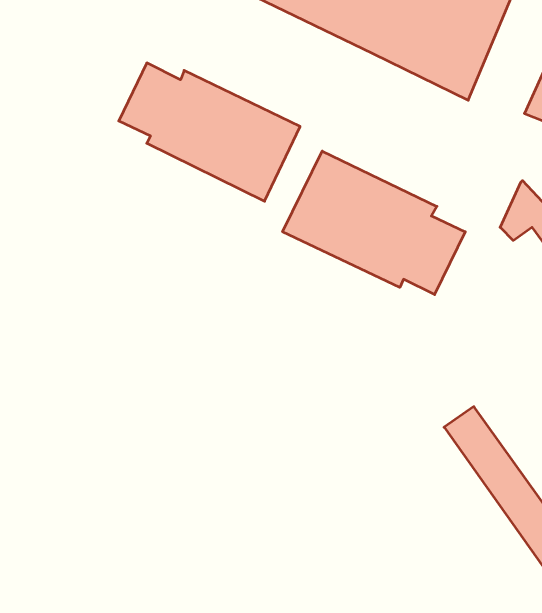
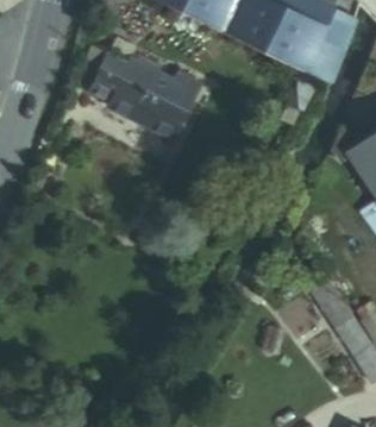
building: [283,151,465,295] -> none

